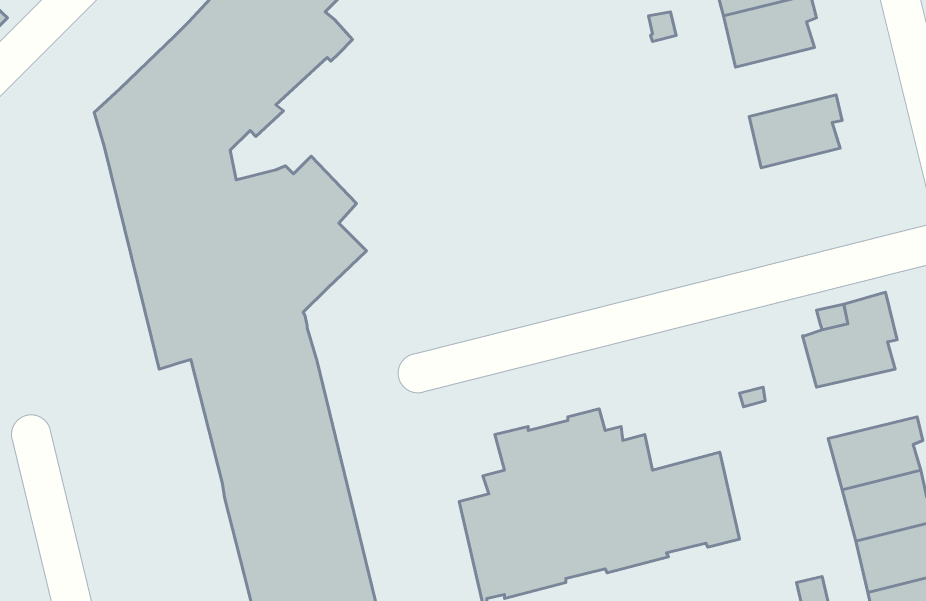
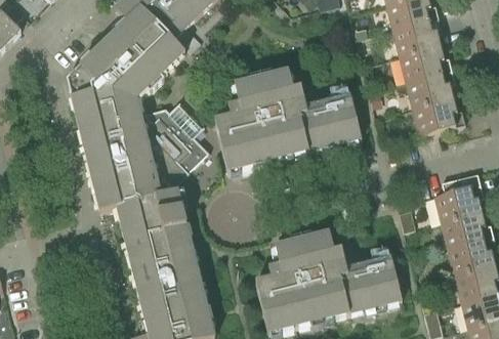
building: none -> [399,45,451,81]
building: none -> [214,71,361,171]
building: none -> [412,97,464,135]
building: none -> [441,212,493,248]

